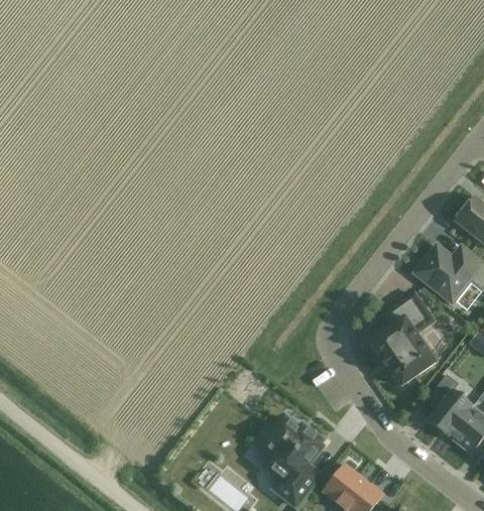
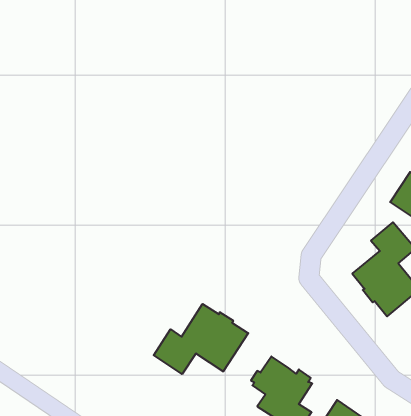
building: none -> [154,304,248,374]

